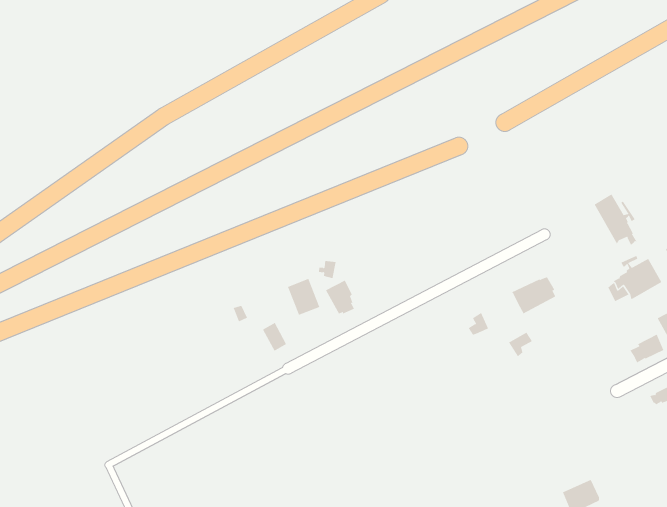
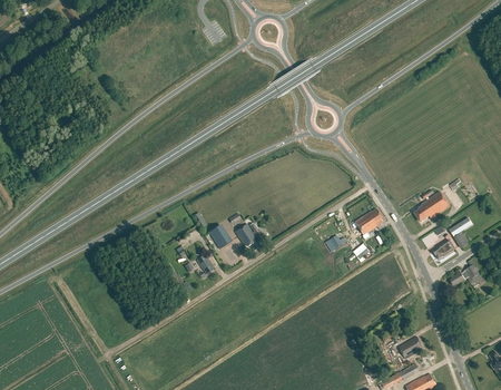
building: [594,194,637,246] -> none

